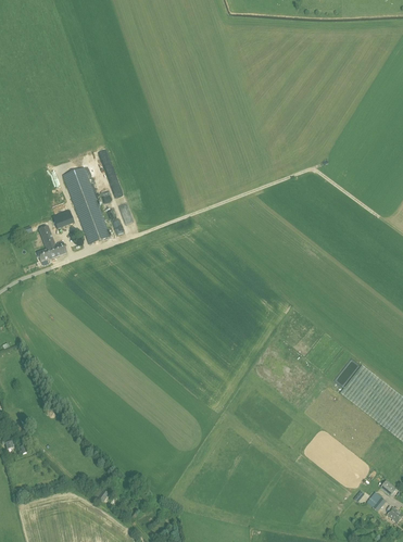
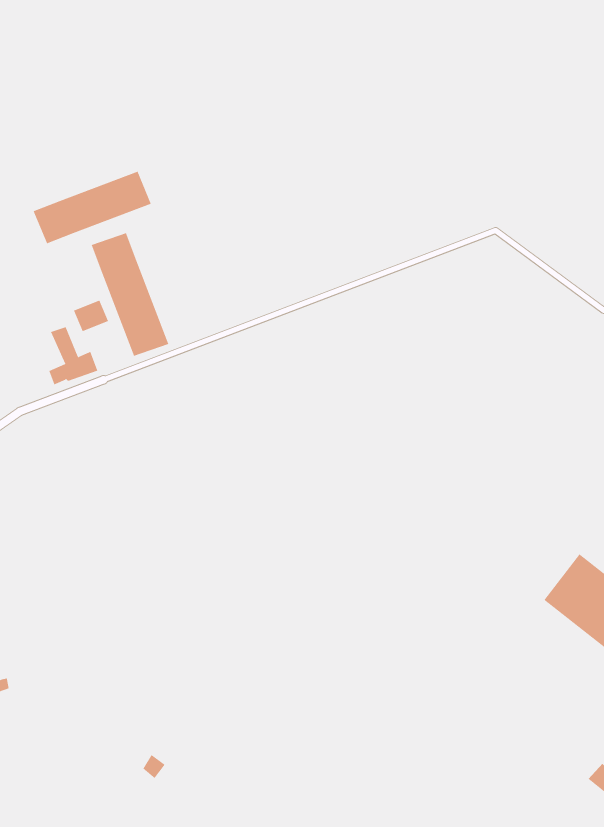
building: none -> [33,171,152,244]

